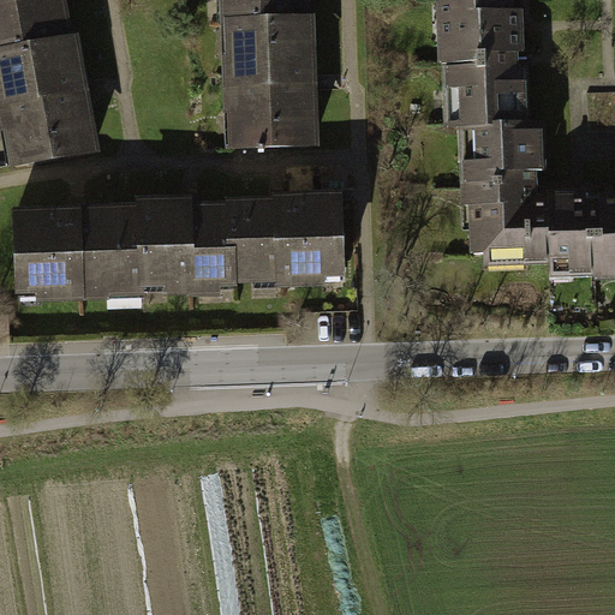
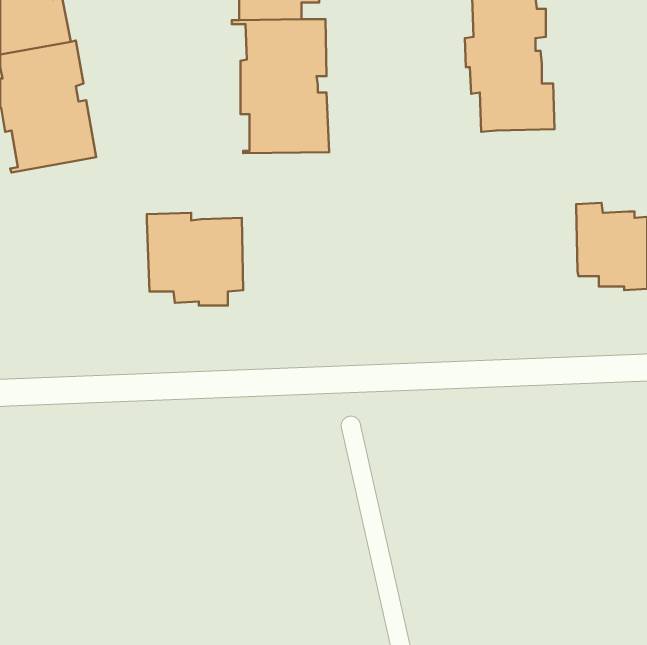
building: [464,123,548,257] -> none
building: [229,197,341,283] -> none
building: [14,209,142,293] -> none

